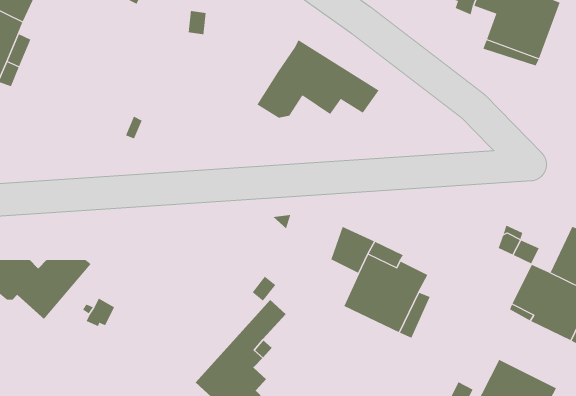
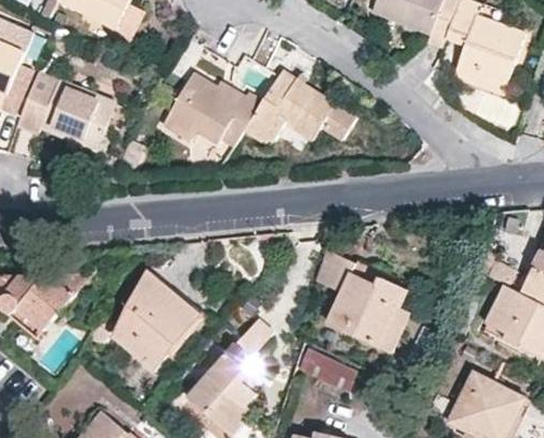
building: none -> [164,69,263,146]
building: none -> [18,72,118,151]
building: none -> [114,269,197,368]
building: none -> [300,350,359,392]

